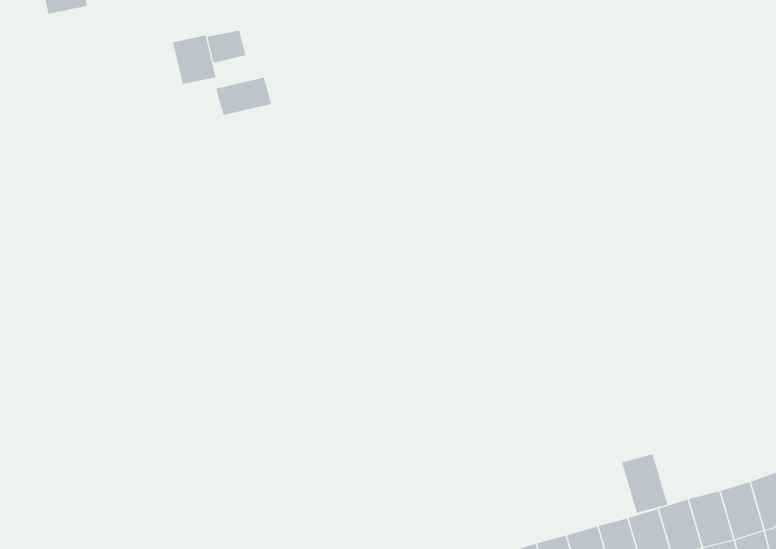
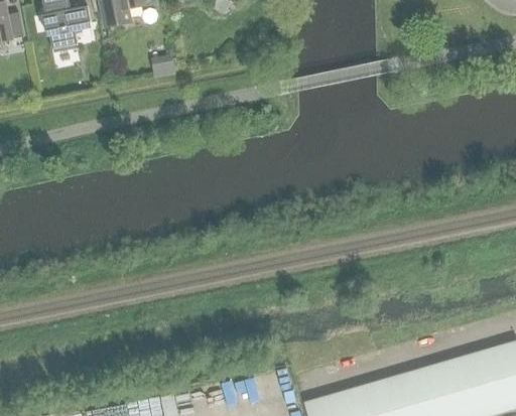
building: [172,34,216,85] -> none
building: [216,77,272,116] -> none
building: [621,453,668,514] -> none

